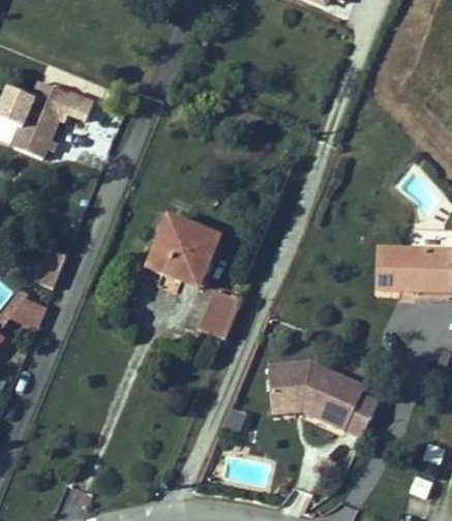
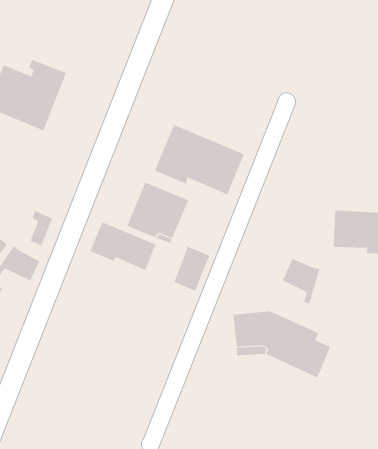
building: none -> [154,124,244,195]
building: none -> [90,222,156,271]
building: none -> [282,258,320,304]

